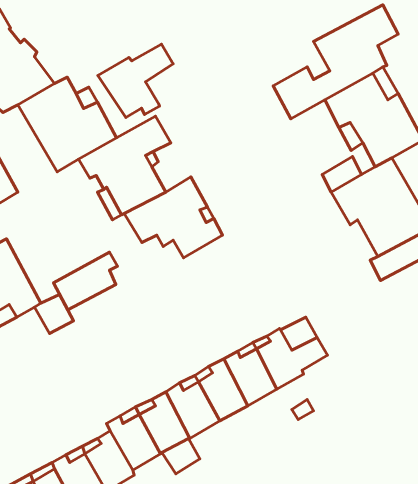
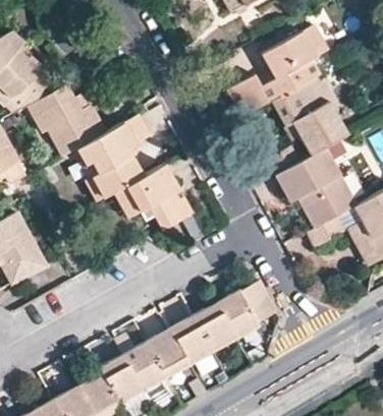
building: [98,44,173,118] -> none
building: [54,252,118,310] -> none

